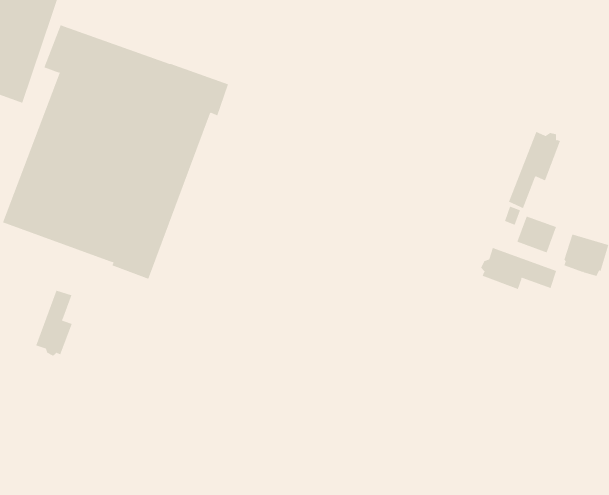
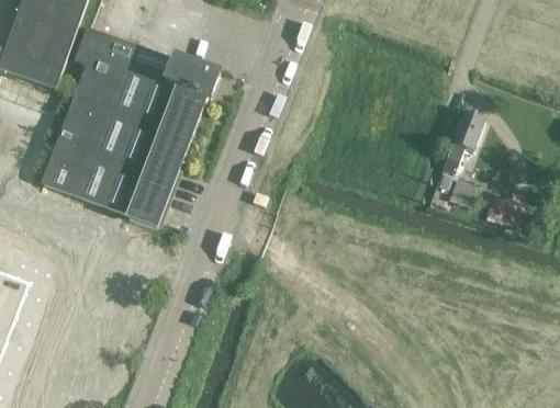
building: [480,247,557,290] -> none
building: [36,290,73,357] -> none

